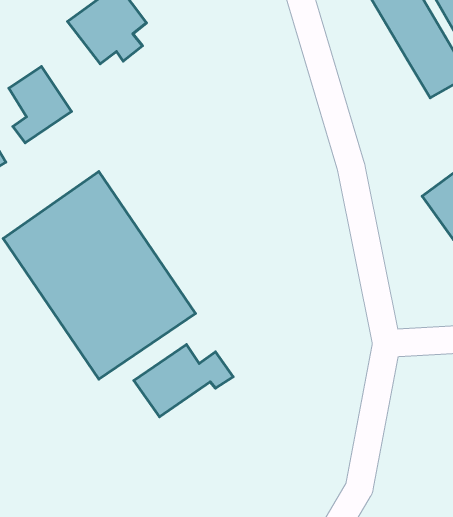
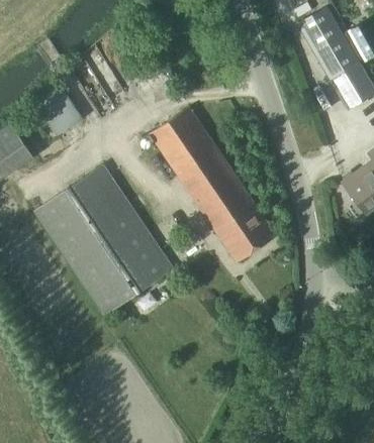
building: none -> [150,107,276,262]
building: [134,345,233,417] -> none

